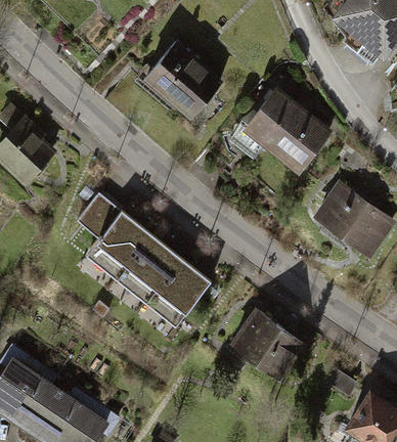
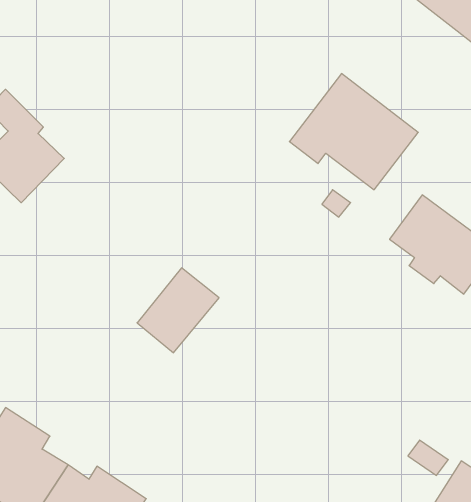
building: [143,38,225,119] -> none
building: [76,195,150,279] -> none
building: [144,260,210,327] -> none
building: [229,307,309,383] -> none

